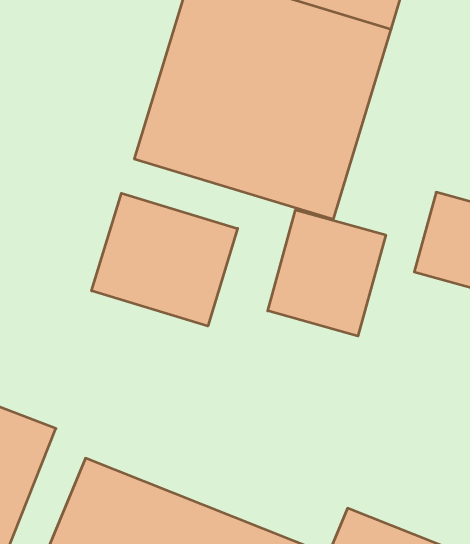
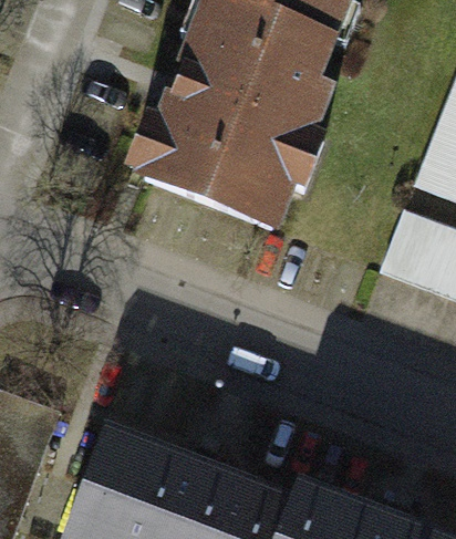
building: [92,193,238,326] -> none
building: [268,210,386,336] -> none

